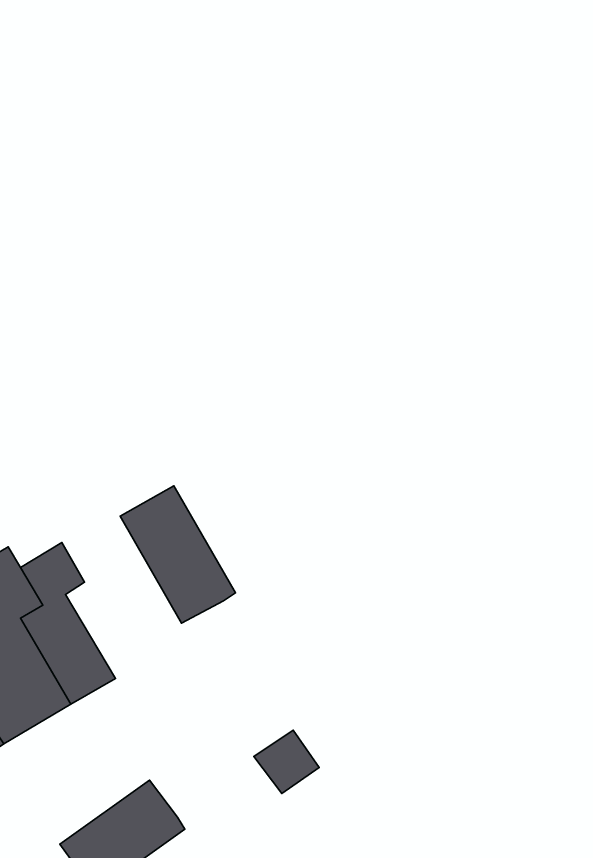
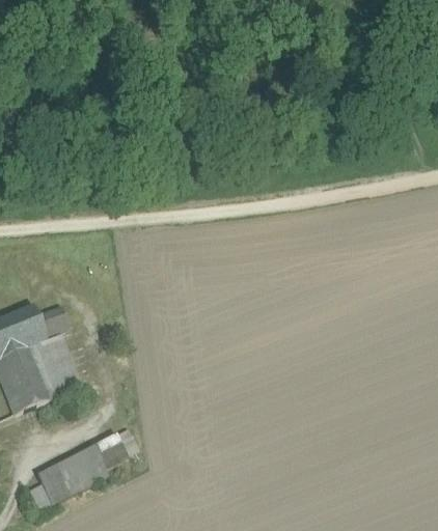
building: [120,486,235,623] -> none
building: [254,730,319,794] -> [92,434,128,468]

